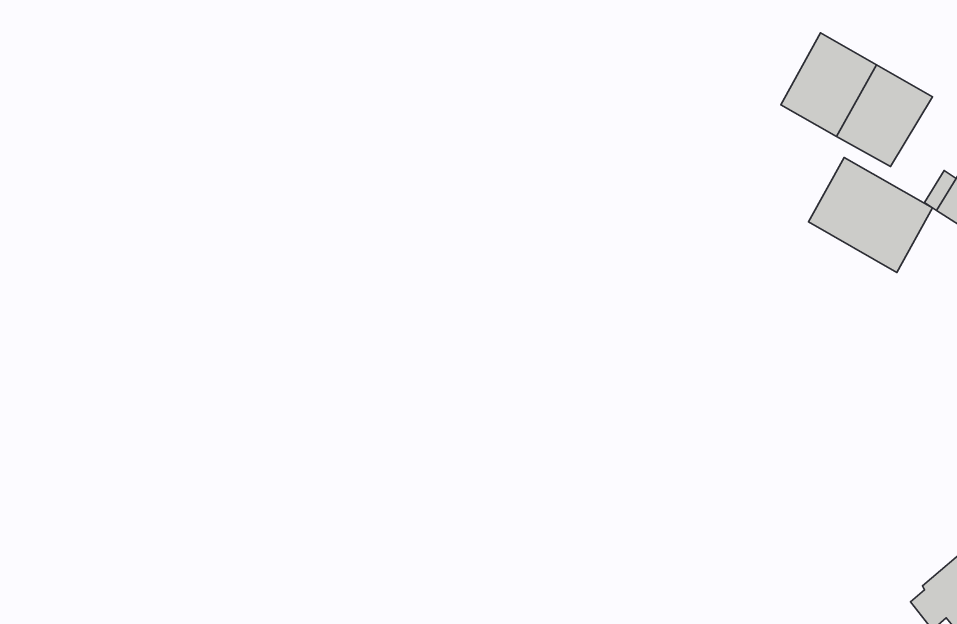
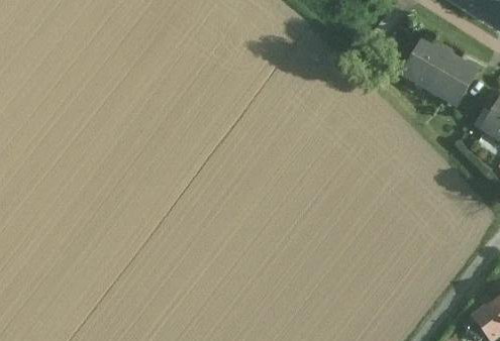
building: [808,157,933,272] -> none

